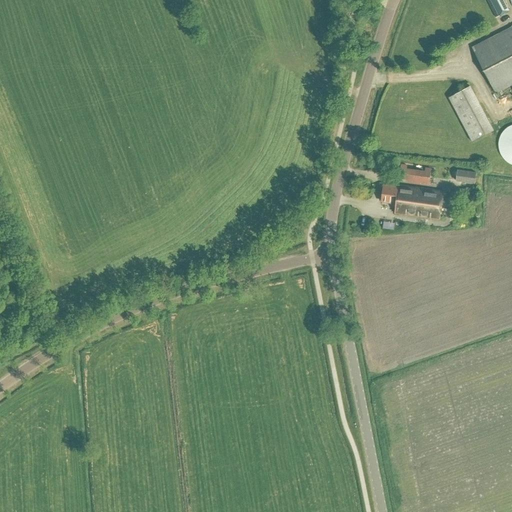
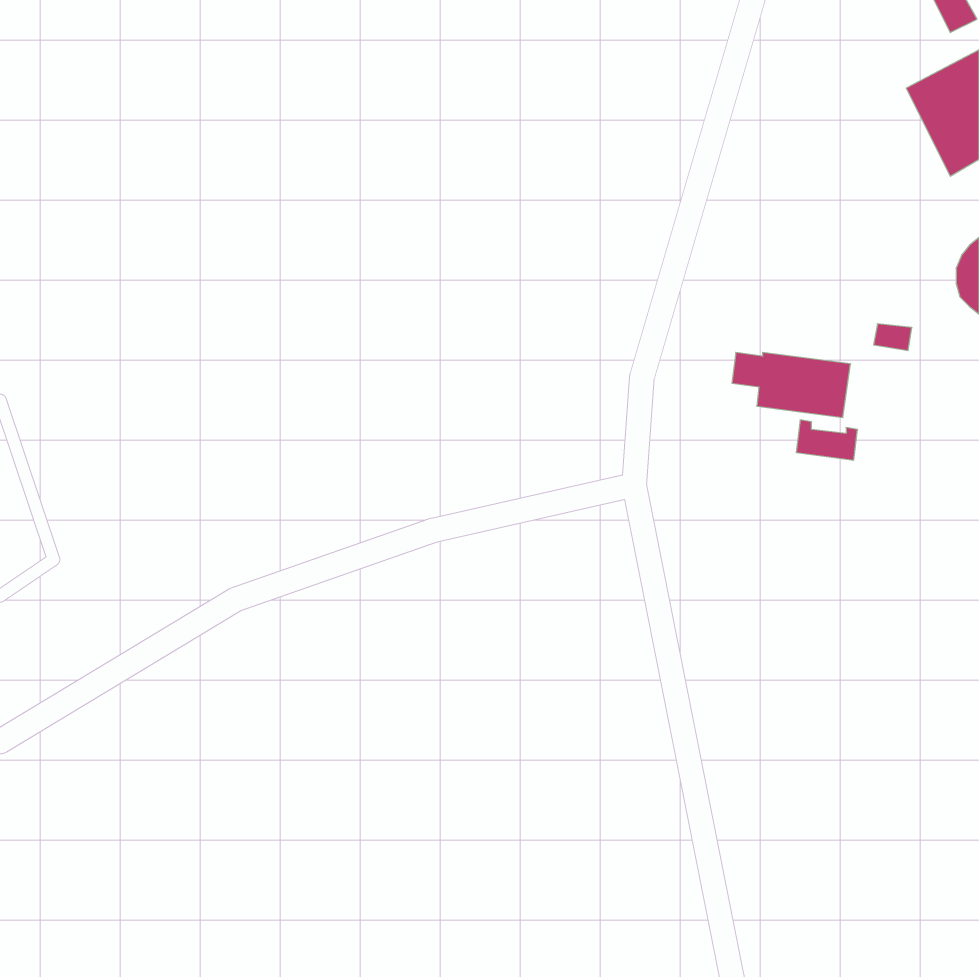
building: [449,85,494,141] -> none
building: [399,163,431,184] -> [796,420,858,460]

